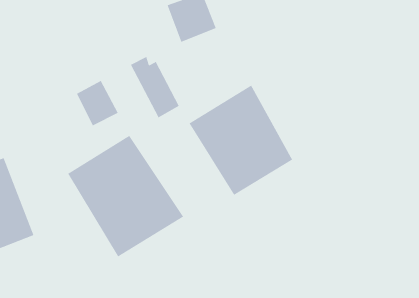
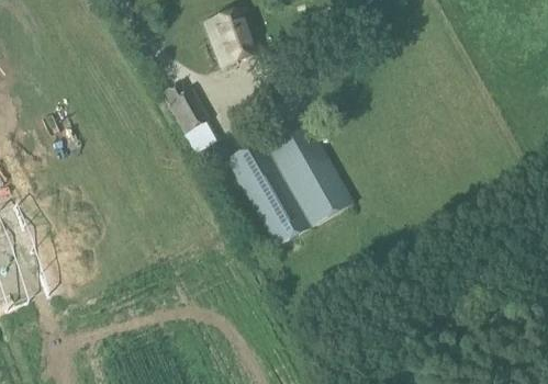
building: [76,80,119,126] -> none
building: [67,135,184,257] -> none

